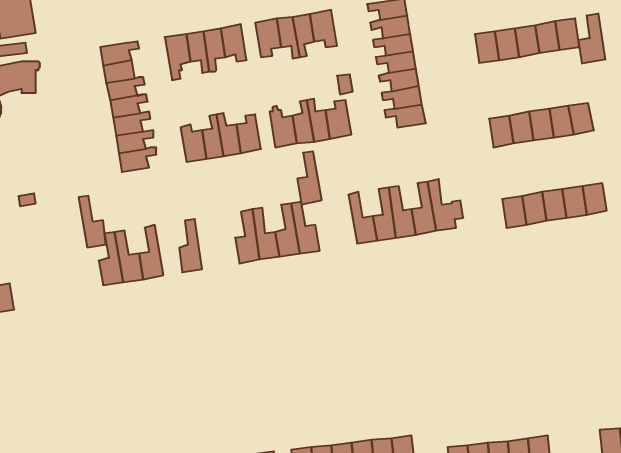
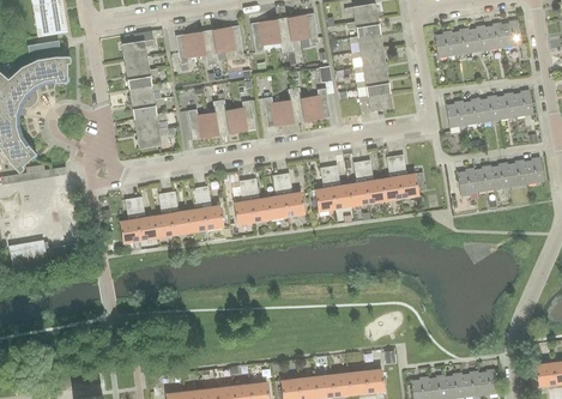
building: [578,13,605,64] -> none
building: [297,151,322,204] -> [315,168,336,212]
building: [79,196,106,247] -> [167,192,189,235]
building: none -> [200,187,223,230]

